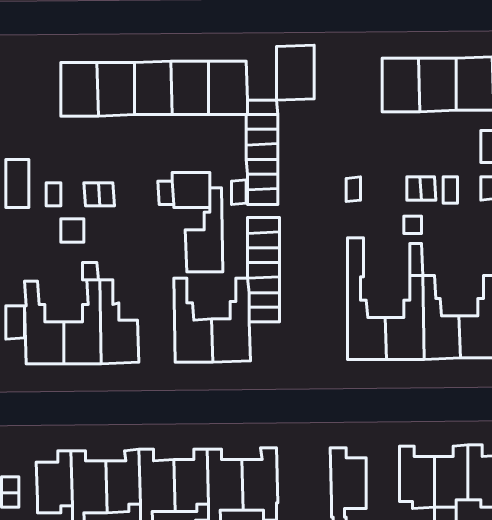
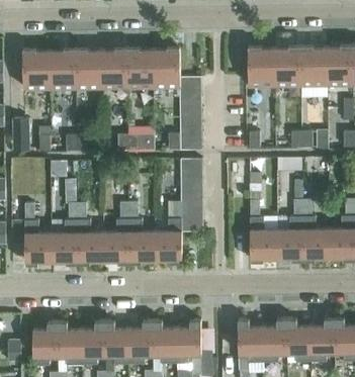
building: [277,45,314,100] -> [248,48,274,86]
building: none -> [22,51,50,88]
building: [185,188,223,272] -> [103,201,129,260]
building: none -> [263,318,286,362]

